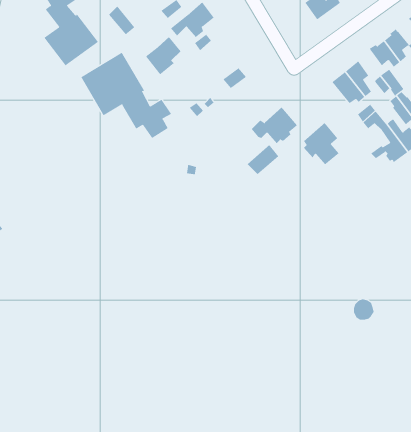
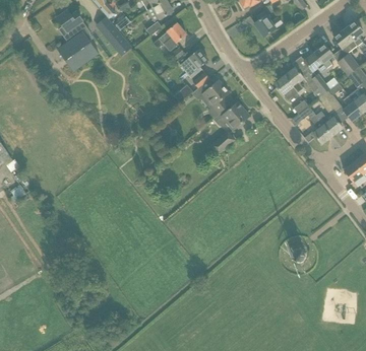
building: [145,36,181,75] -> [180,49,207,78]
building: [81,52,172,139] -> none
building: [303,122,340,165] -> [202,80,230,113]

